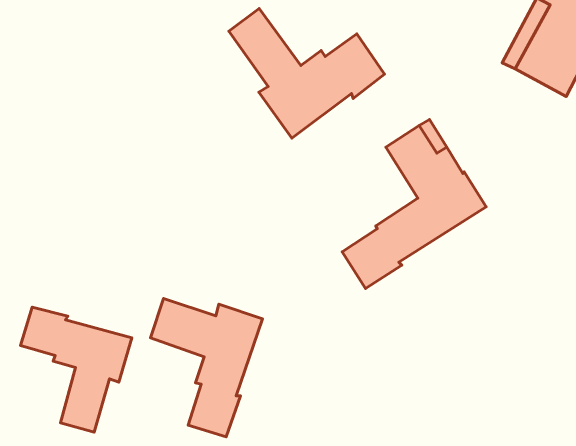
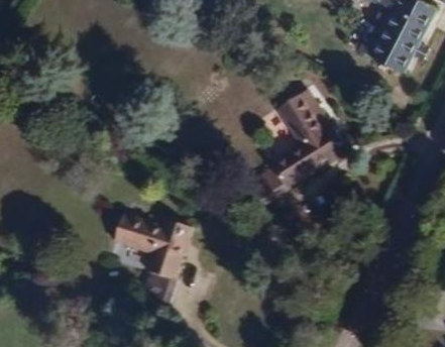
building: [229,9,384,138] -> none
building: [21,307,132,432] -> none

